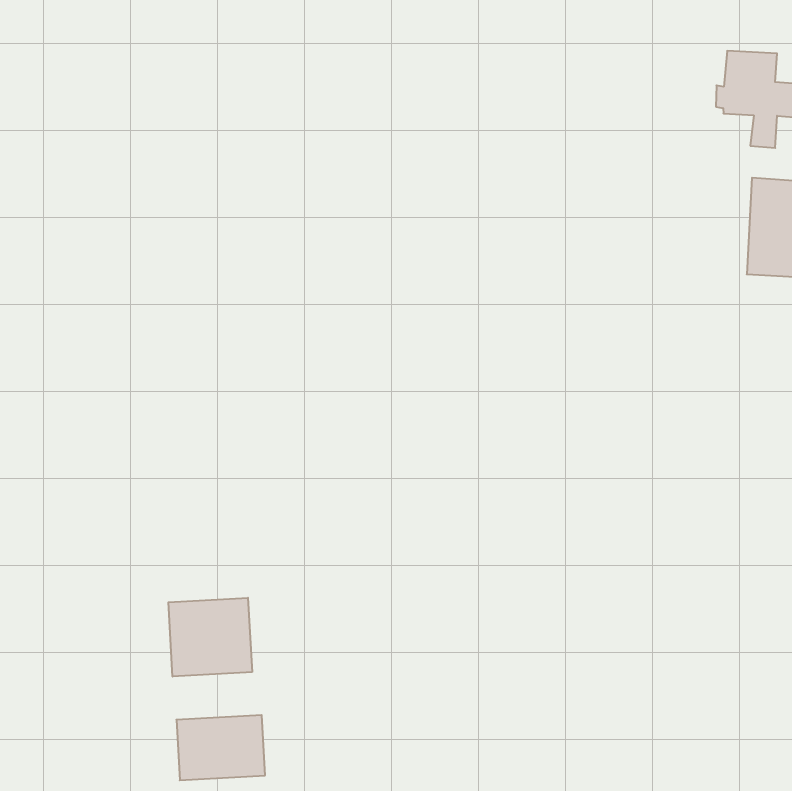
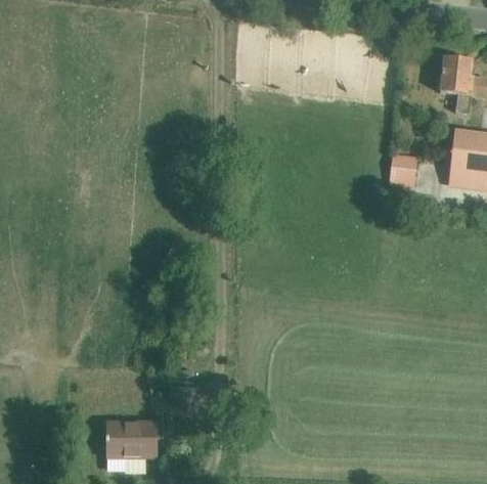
building: none -> [388,152,416,188]
building: [168,598,252,677] -> none

